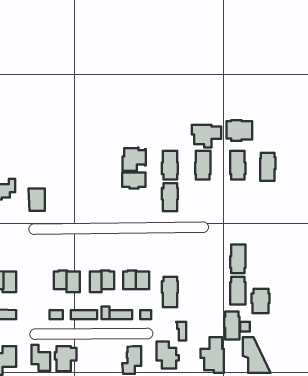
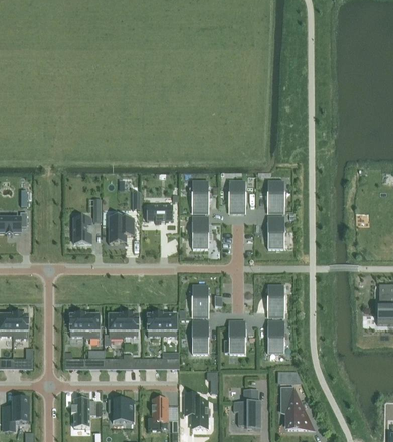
building: [226,120,252,141] -> none
building: [192,125,221,147] -> none
building: [122,147,146,171] -> [109,215,135,241]
building: [260,153,275,181] -> [267,216,284,247]
building: [29,188,45,211] -> [73,217,91,242]
building: none -> [191,284,208,316]
building: [252,289,269,313] -> none
building: [224,312,239,339] -> [228,320,245,352]
building: [32,345,50,371] -> none
building: none -> [108,398,134,421]

